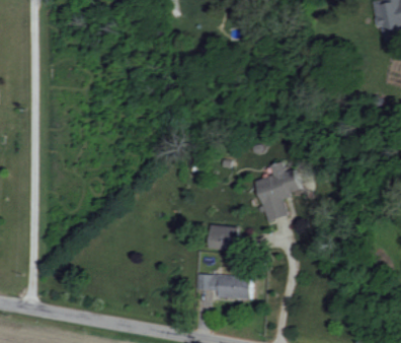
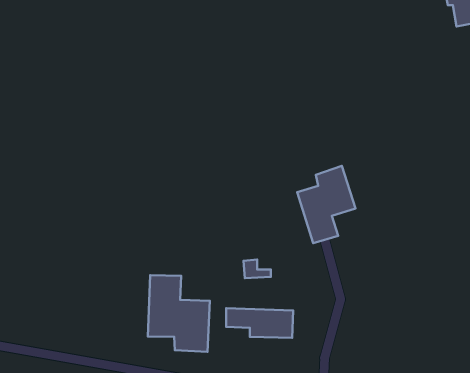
building: none -> [148,275,210,352]

